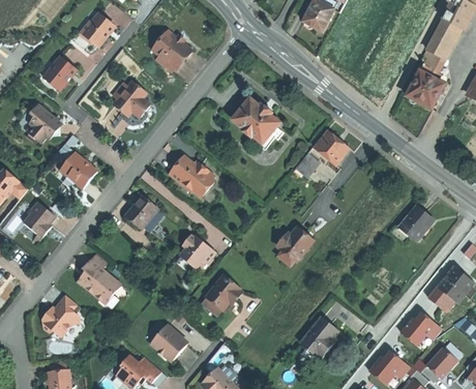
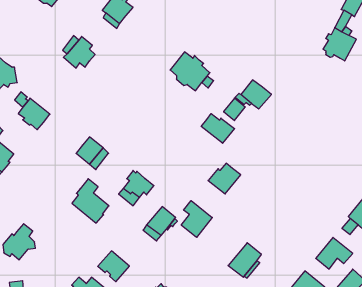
building: [43,55,77,90] -> none
building: [169,155,213,197] -> none
building: none -> [201,114,235,143]
building: [398,206,434,241] -> none
building: [77,252,119,303] -> [72,179,109,223]
building: none -> [181,201,212,237]

